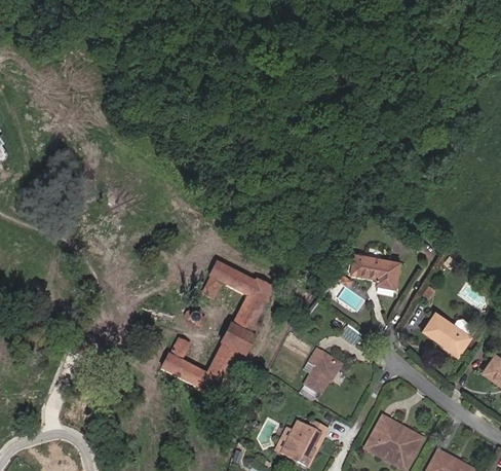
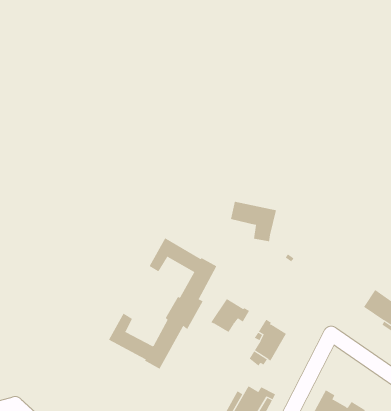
building: [353,255,401,297] -> [230,201,277,242]
building: none -> [211,298,250,333]

